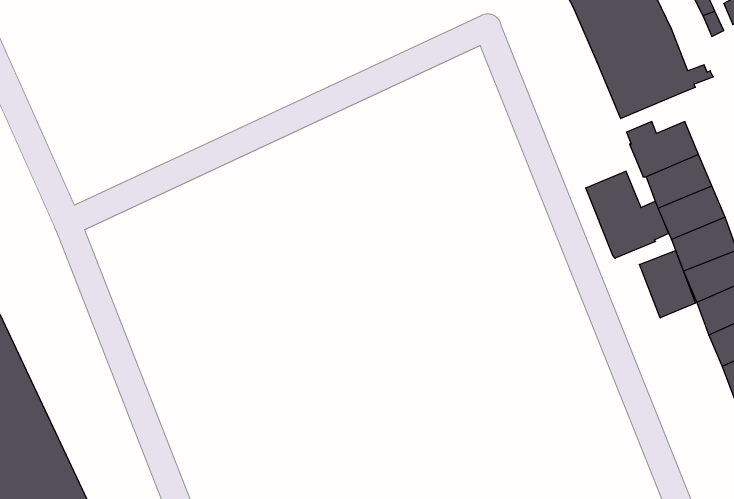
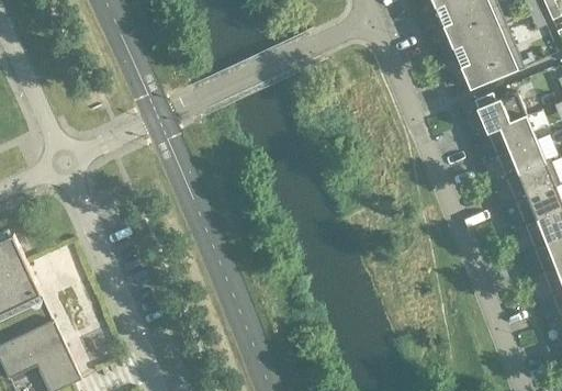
building: [586,171,668,258] -> none
building: [639,251,695,318] -> none

